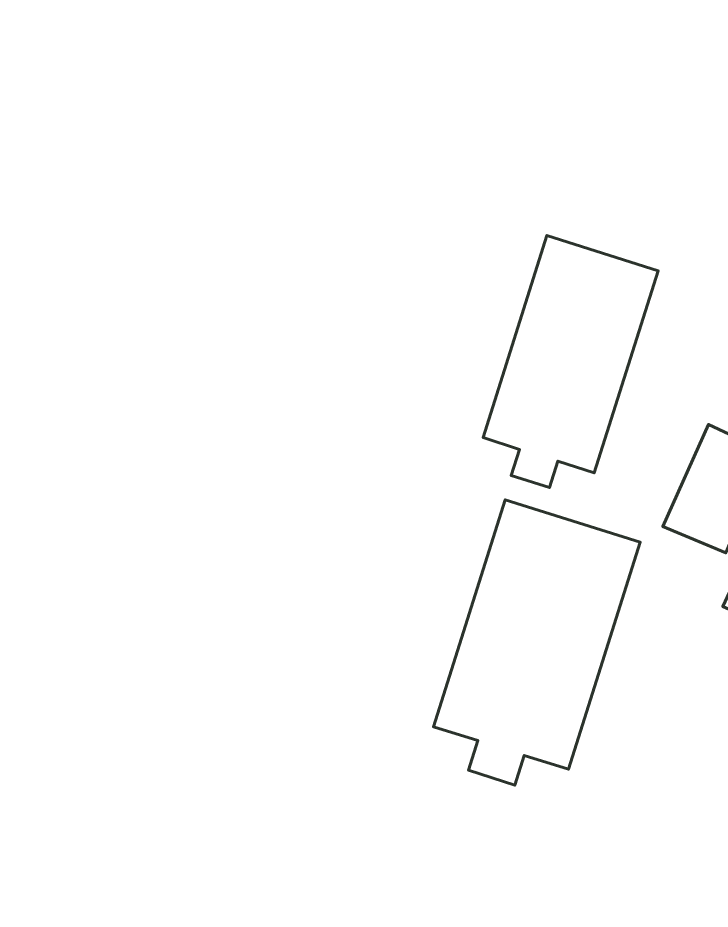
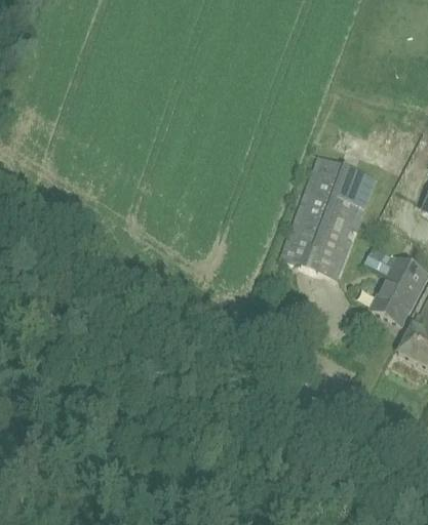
building: [433,500,640,785] -> none

